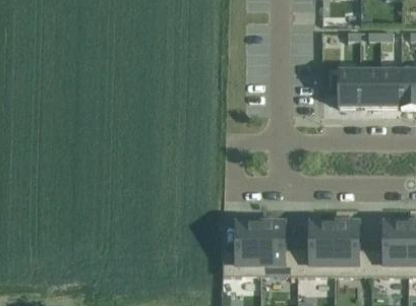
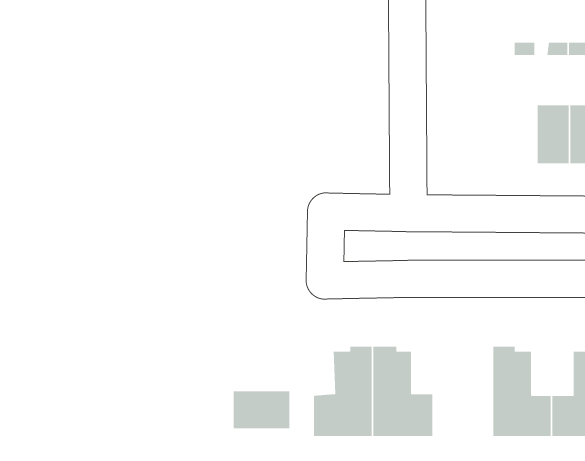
building: [339,69,362,106] -> none
building: [298,219,335,274] -> none
building: none -> [233,390,290,429]

